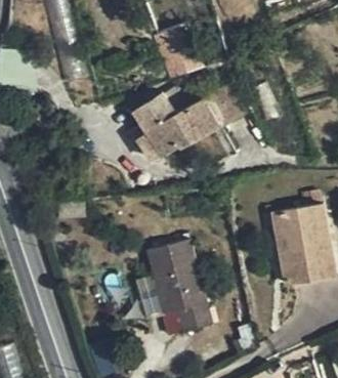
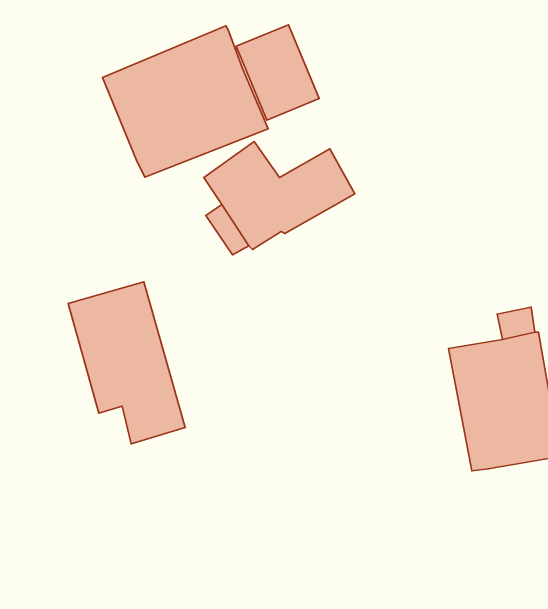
building: none -> [102,26,268,177]
building: [145,240,212,332] -> [68,282,185,444]

